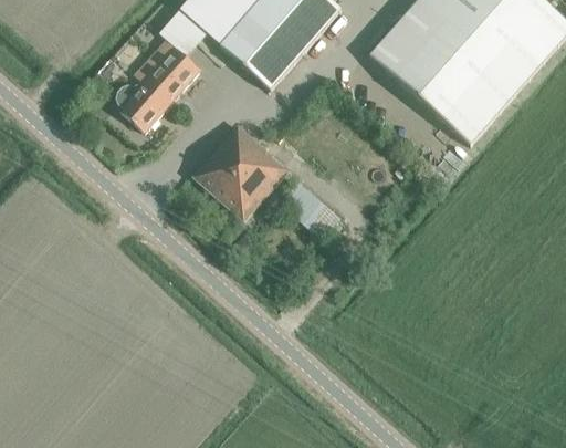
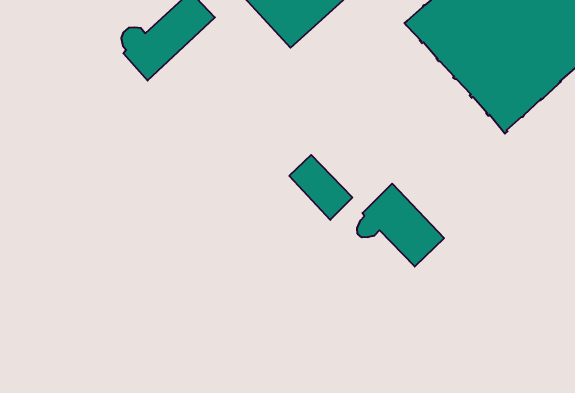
building: [195,124,289,218] -> none
building: none -> [357,184,444,267]

